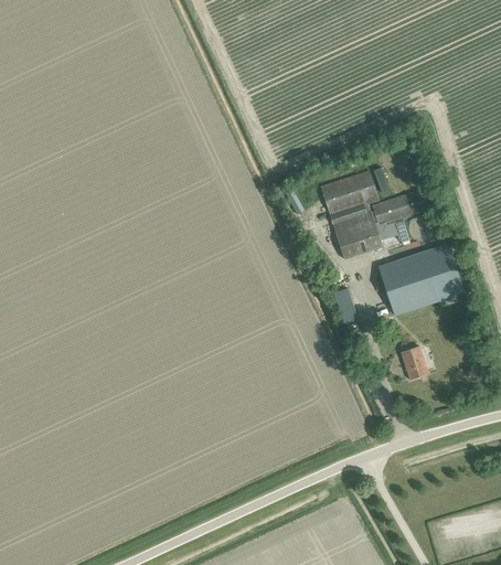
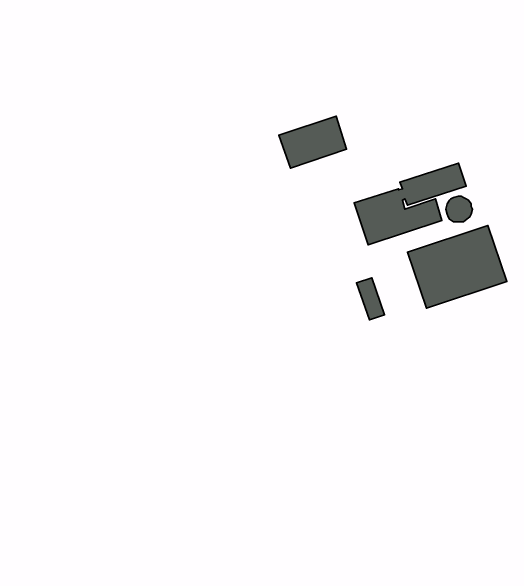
building: [319,170,377,215] -> [279,116,346,168]
building: [399,345,427,380] -> none

